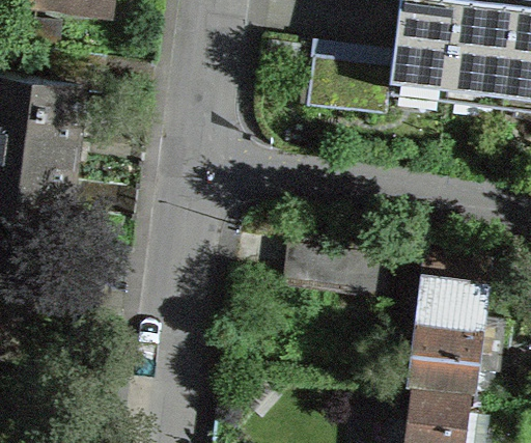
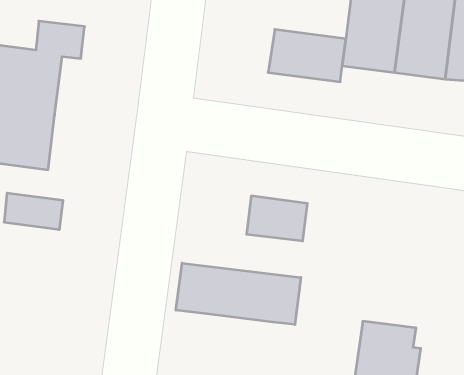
building: [413,254,505,386] -> none
building: none -> [176,263,301,325]

